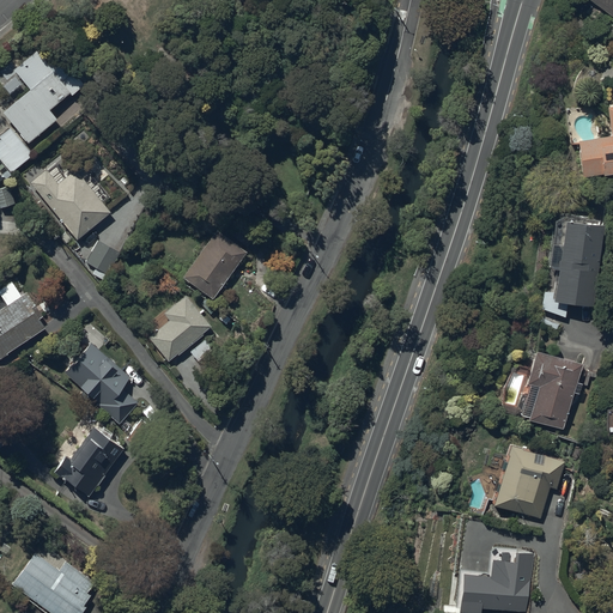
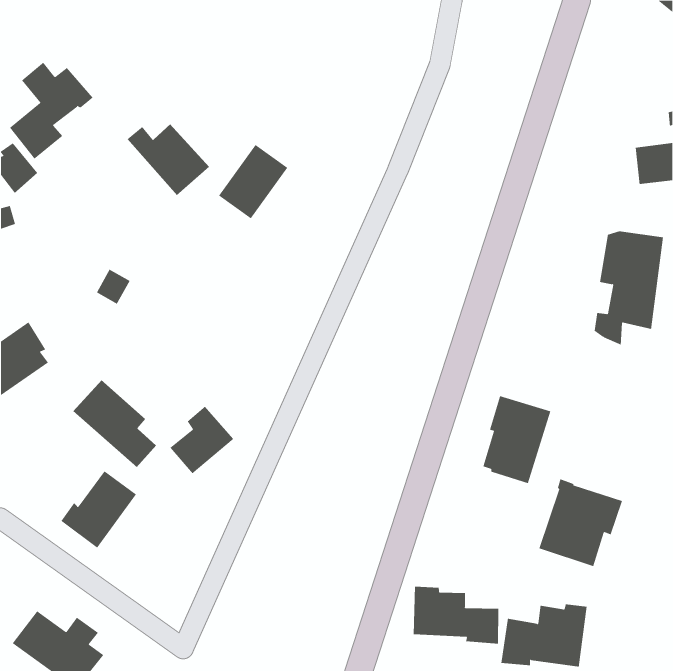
building: [31,171,107,237] -> [127,123,210,196]
building: [183,233,247,302] -> [218,144,288,219]
building: [151,301,210,363] -> [170,406,234,474]
building: [518,344,581,424] -> [483,395,551,484]
building: none -> [413,586,499,645]

